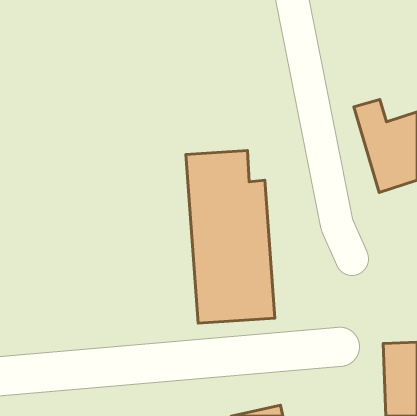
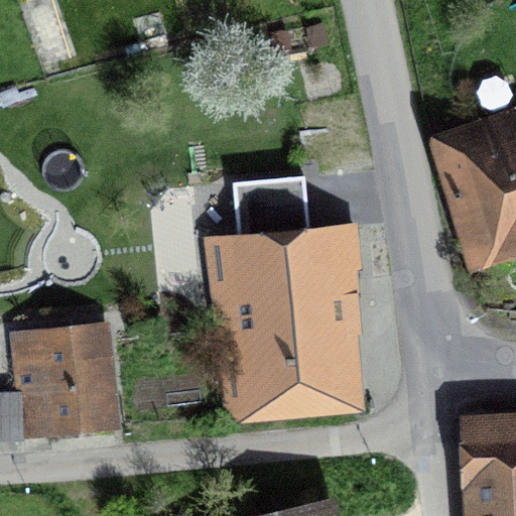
building: none -> [13,330,122,443]

